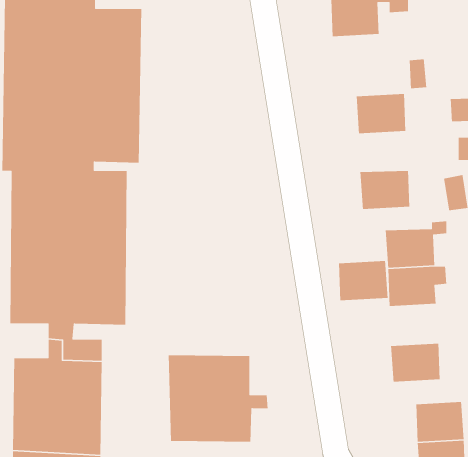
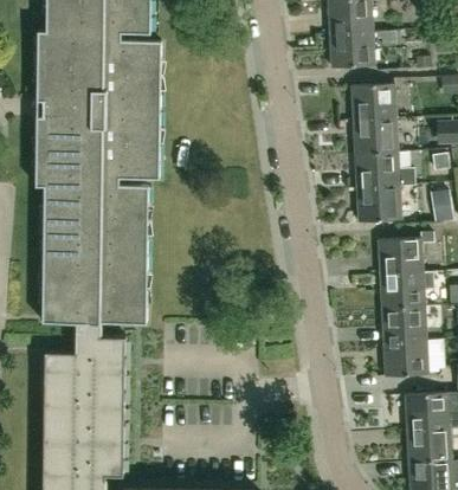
building: none -> [350,83,395,120]
building: none -> [354,151,408,187]
building: [338,260,389,301] -> [381,305,426,342]
building: [168,354,268,442] -> none

